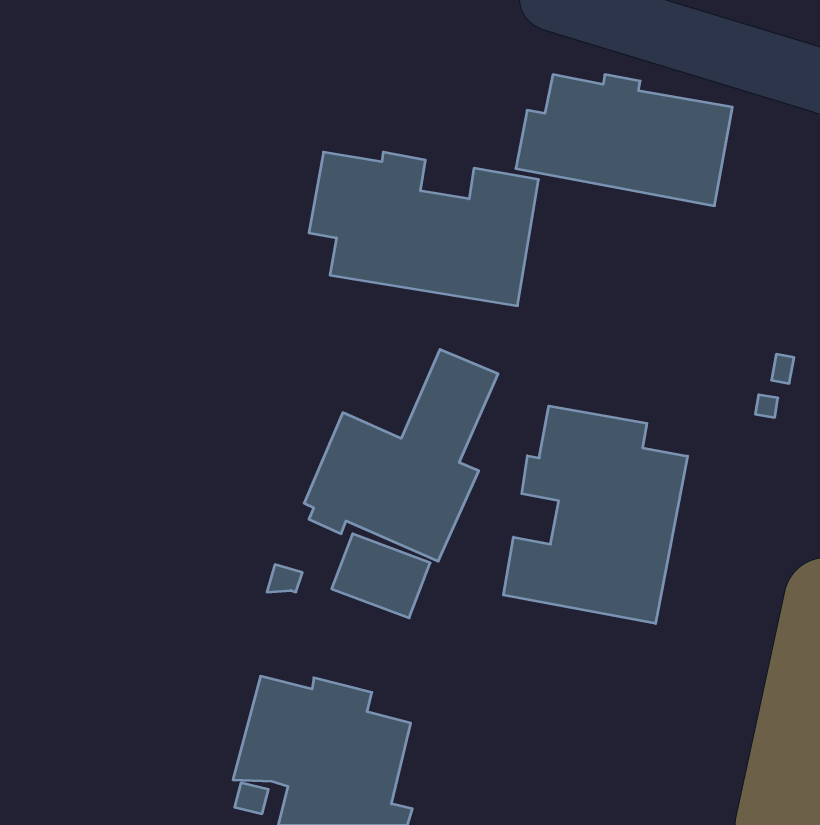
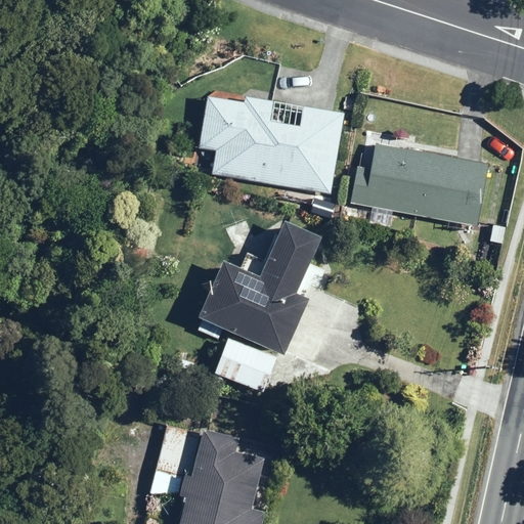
building: [516,75,732,206] -> [352,143,489,226]
building: [503,406,688,624] -> none

